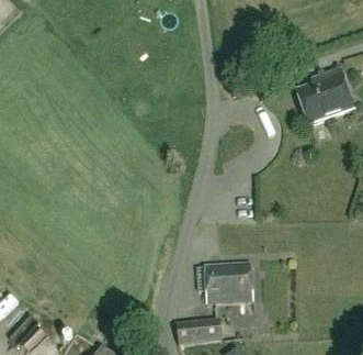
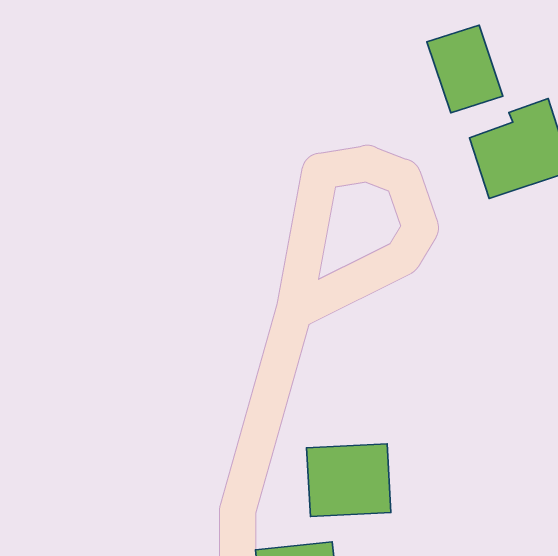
building: none -> [427,25,503,113]

